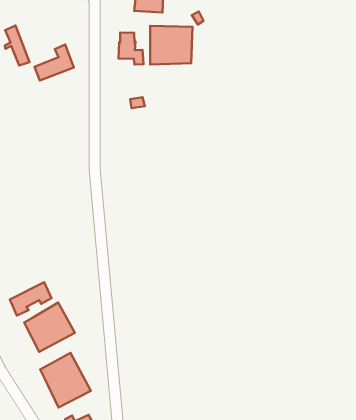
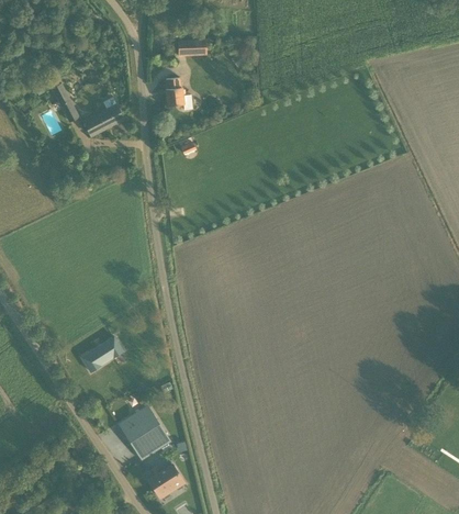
building: [150,26,193,64] -> none
building: [24,303,75,352] -> none

